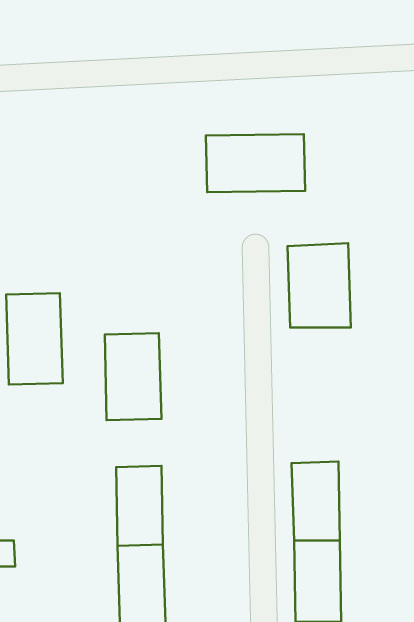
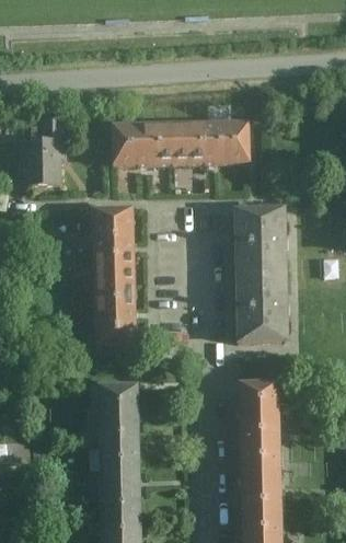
building: none -> [25,117,65,182]
building: none -> [114,122,173,167]
building: [6,293,63,384] -> [90,207,135,279]
building: none -> [239,274,288,346]

